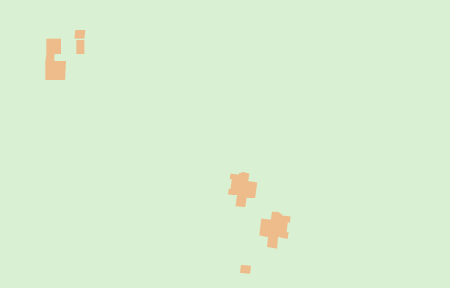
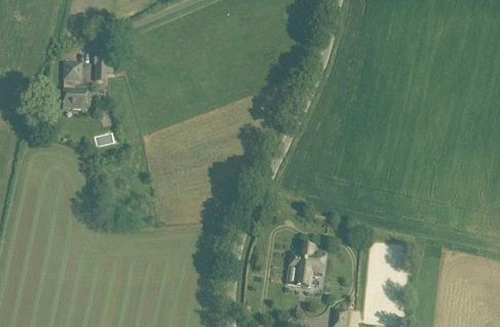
building: [227,171,258,208] -> none

